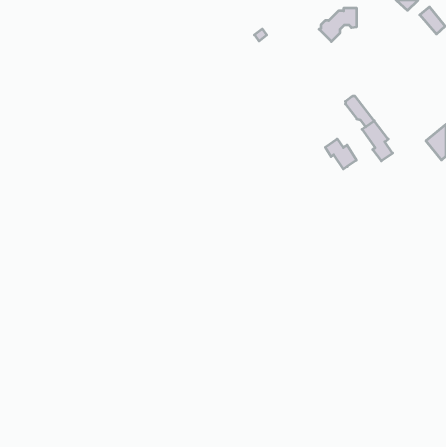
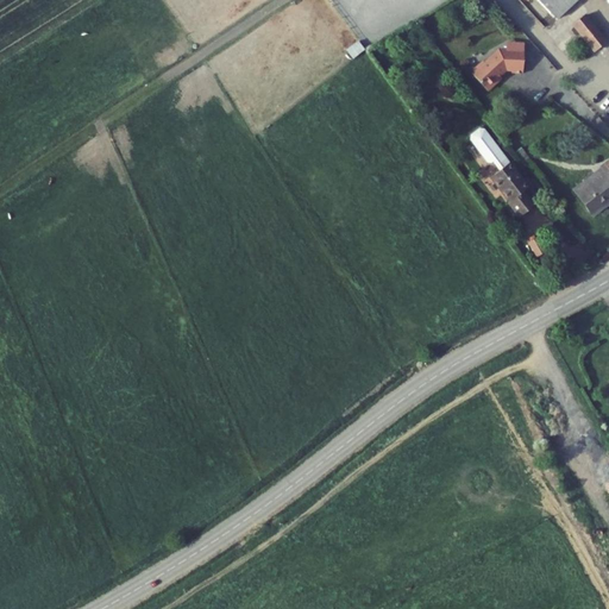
building: [319,8,357,42] -> [472,43,523,88]
building: [325,139,356,169] -> none

